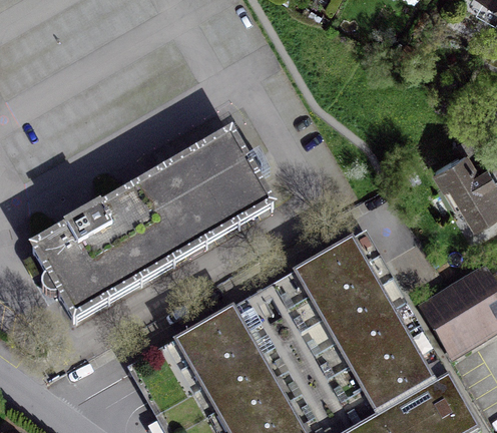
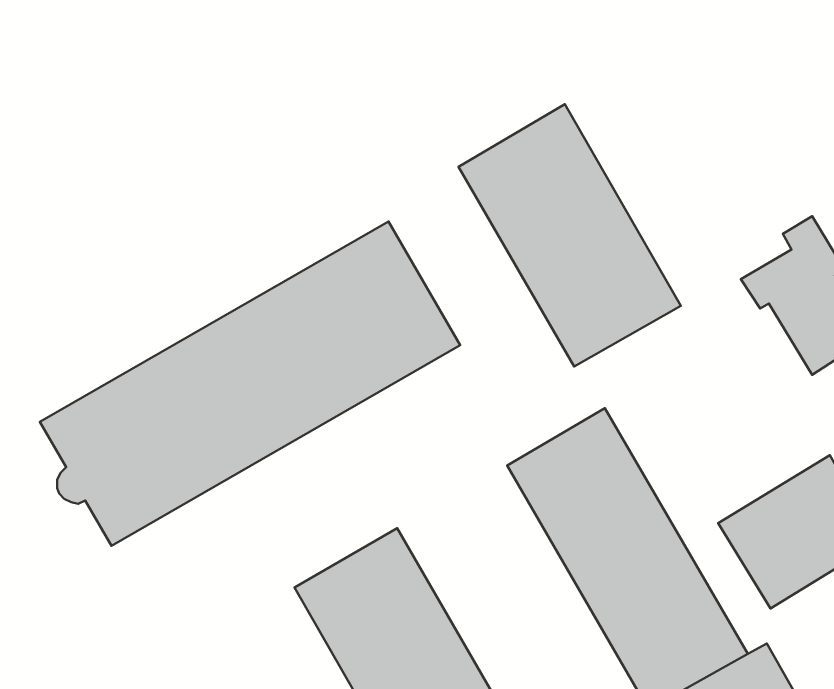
building: none -> [459,104,681,367]

